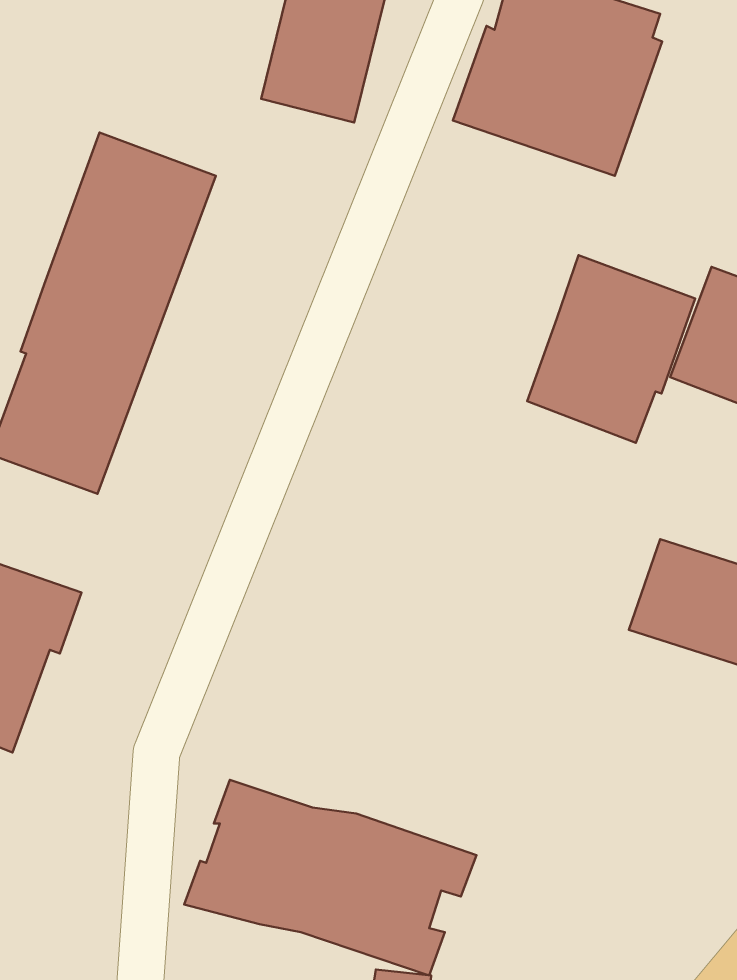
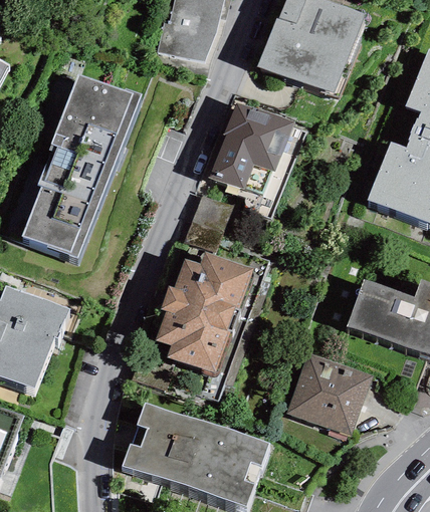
building: [527,255,695,443] -> [209,101,294,197]
building: none -> [156,251,252,372]
building: none -> [287,353,372,436]

